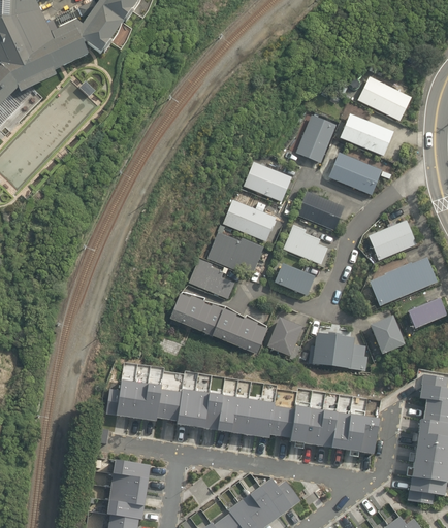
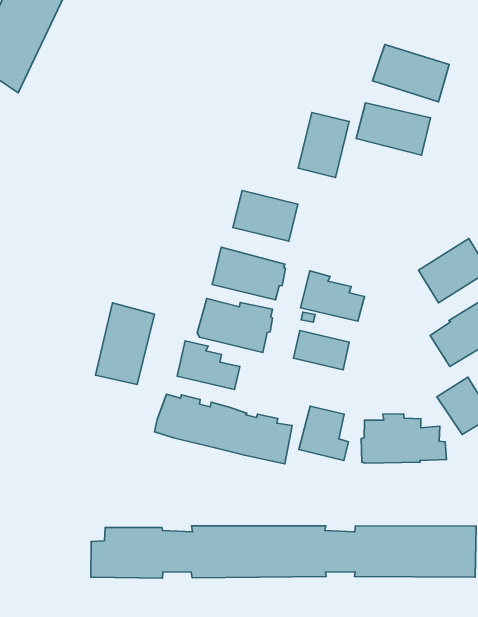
building: [326,151,380,194] -> none
building: [295,189,343,229] -> none
building: none -> [96,303,154,384]

